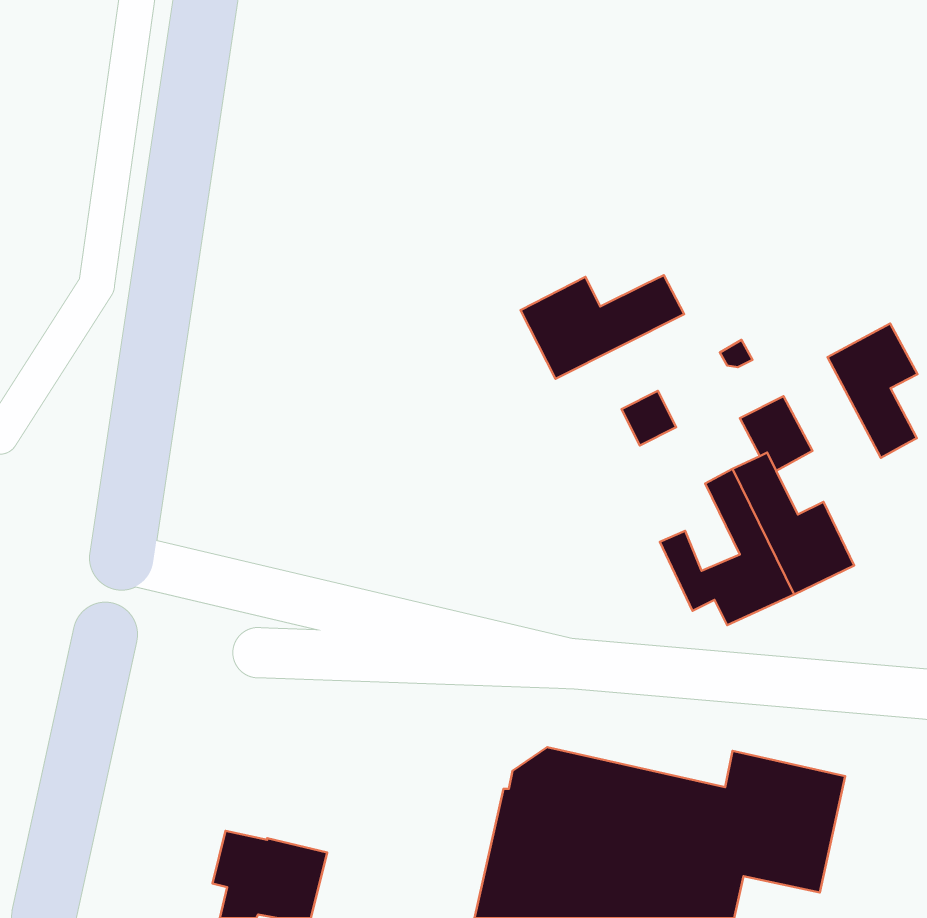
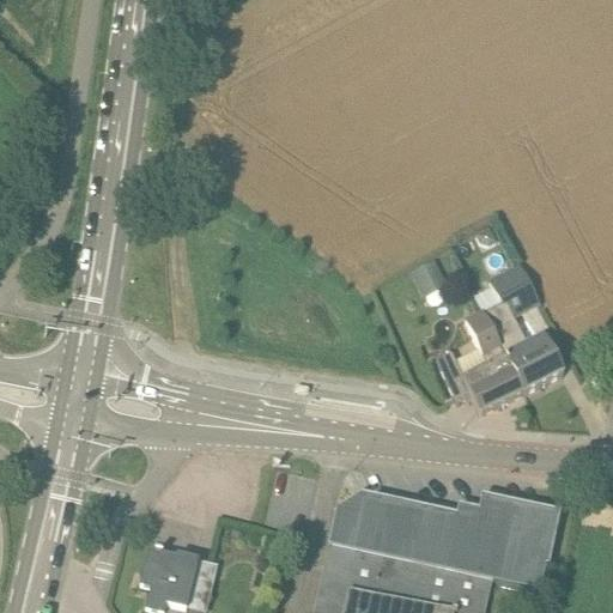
building: [521,275,684,379] -> none
building: [827,324,917,458] -> none

